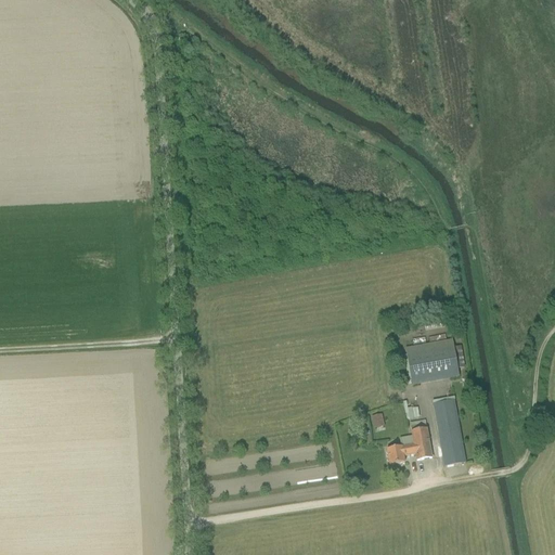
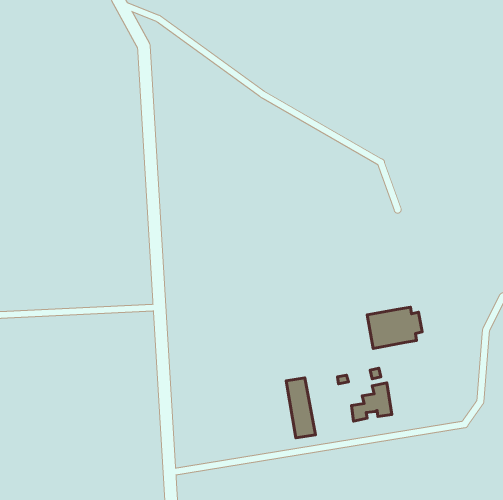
building: [434,399,466,465] -> [286,378,316,438]

